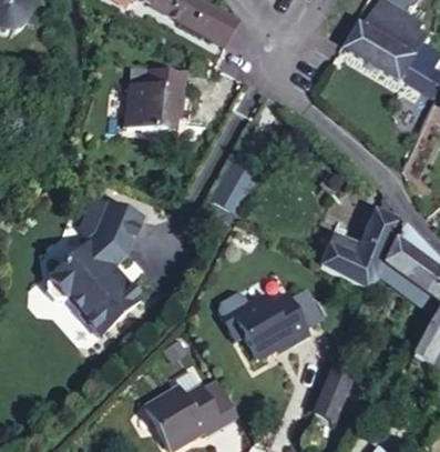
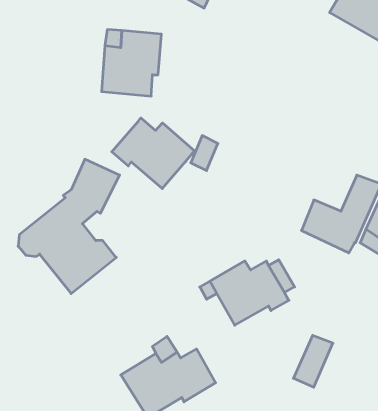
building: none -> [112,118,195,189]

